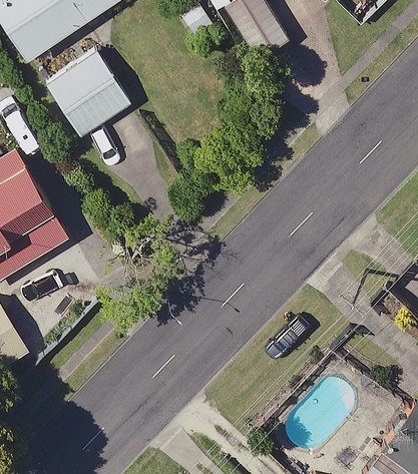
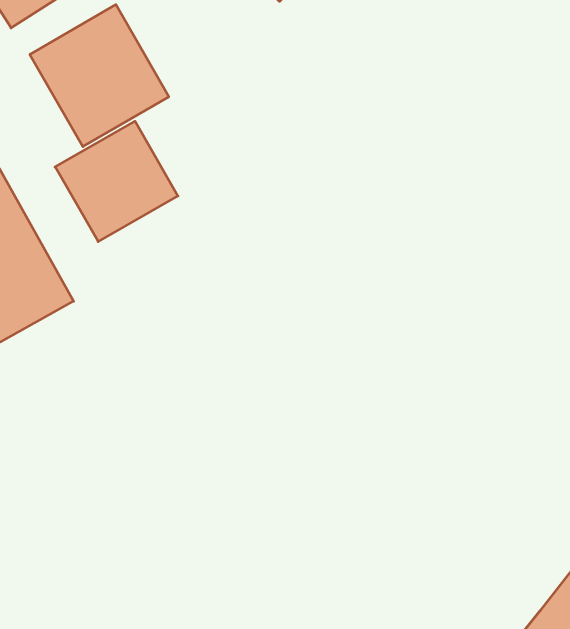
building: none -> [55,121,178,242]

